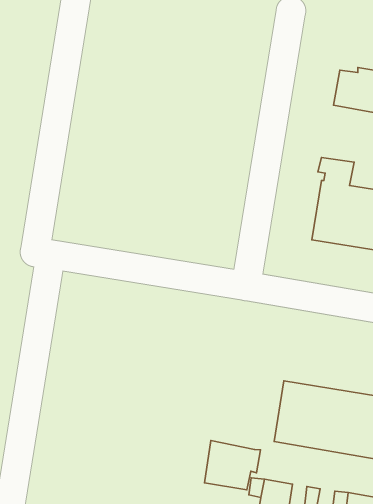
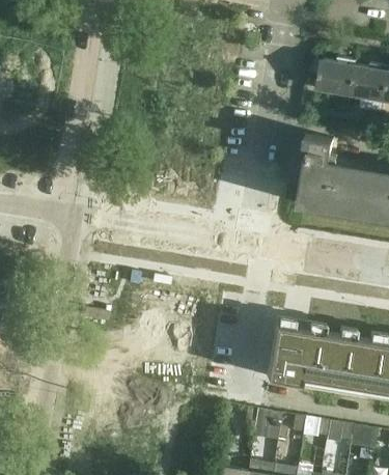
building: [204,441,260,490] -> none

